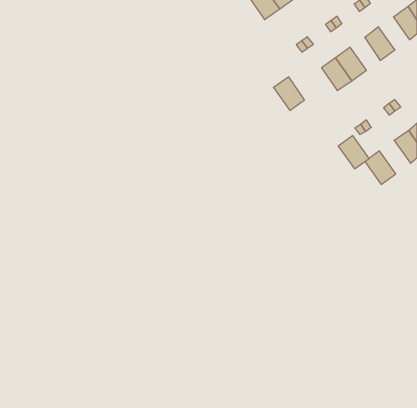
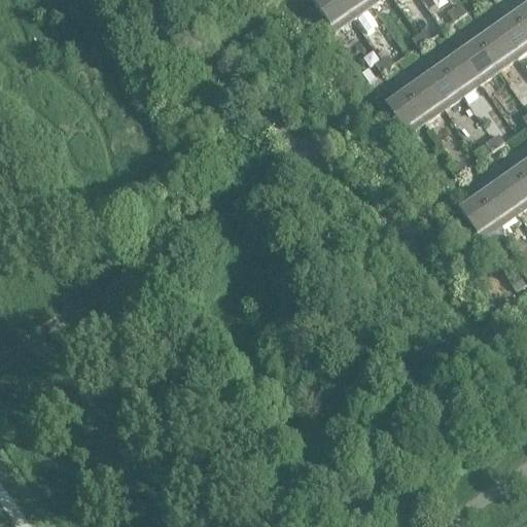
building: none -> [478,22,517,63]
building: none -> [442,47,480,89]
building: [273,77,304,110] -> [386,85,425,128]
building: [338,136,369,169] -> [479,177,518,219]

